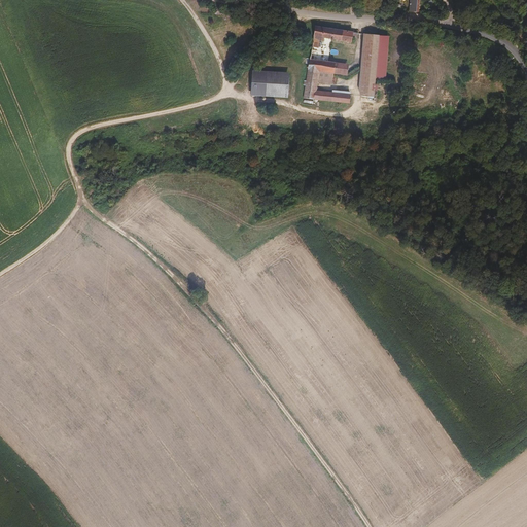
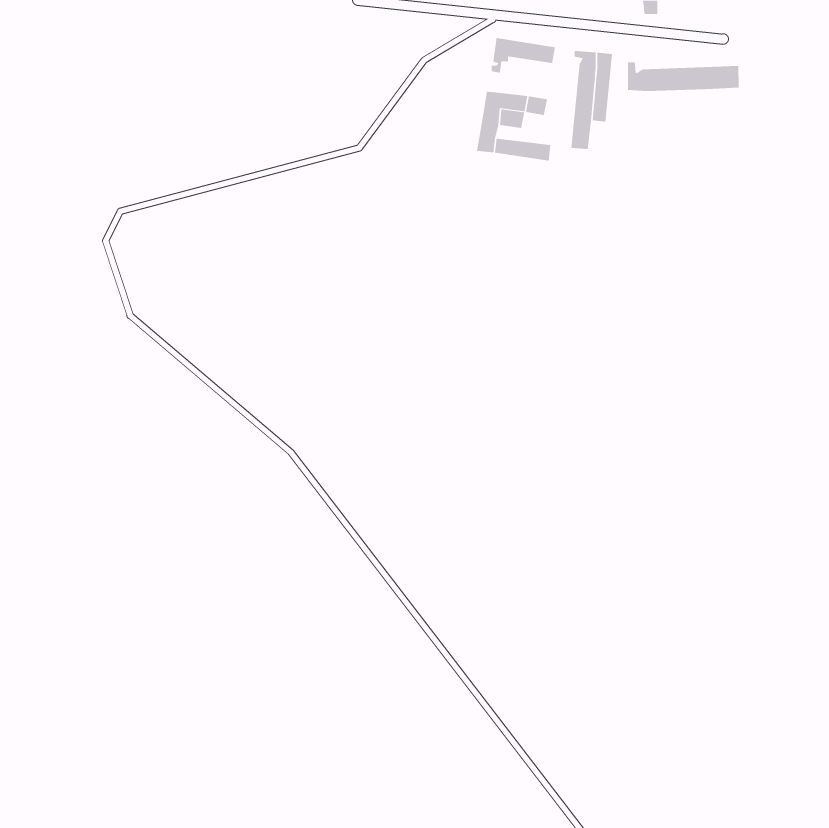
building: none -> [628,61,739,92]
building: [251,70,288,98] -> none

